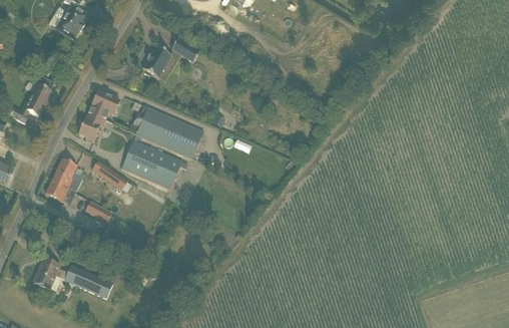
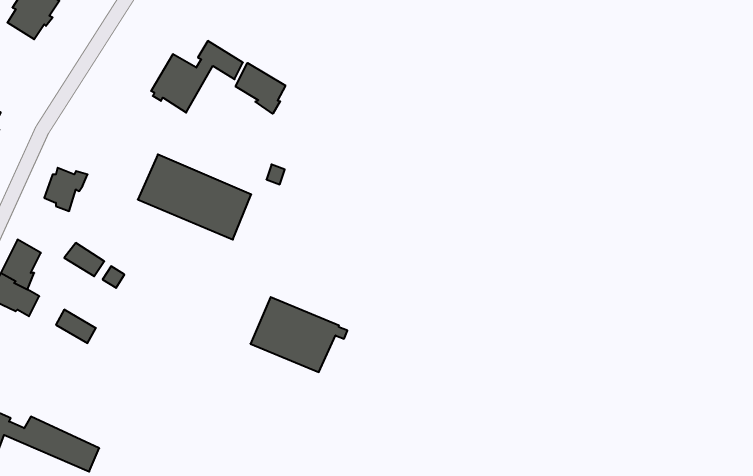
building: none -> [236,63,285,114]
building: [86,91,119,119] -> none
building: [128,143,186,189] -> [250,297,347,372]

